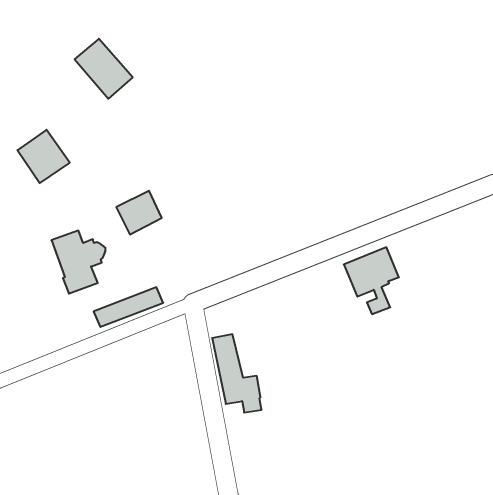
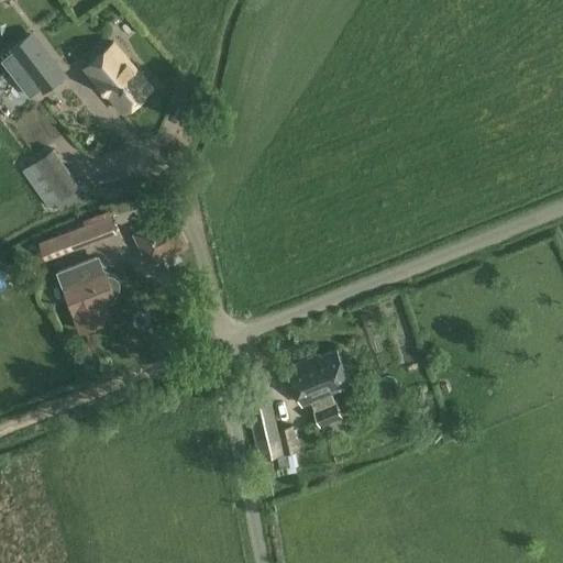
building: none -> [4,32,64,93]
building: [344,247,399,314] -> [287,349,350,424]
building: [94,287,163,327] -> [36,217,115,262]

